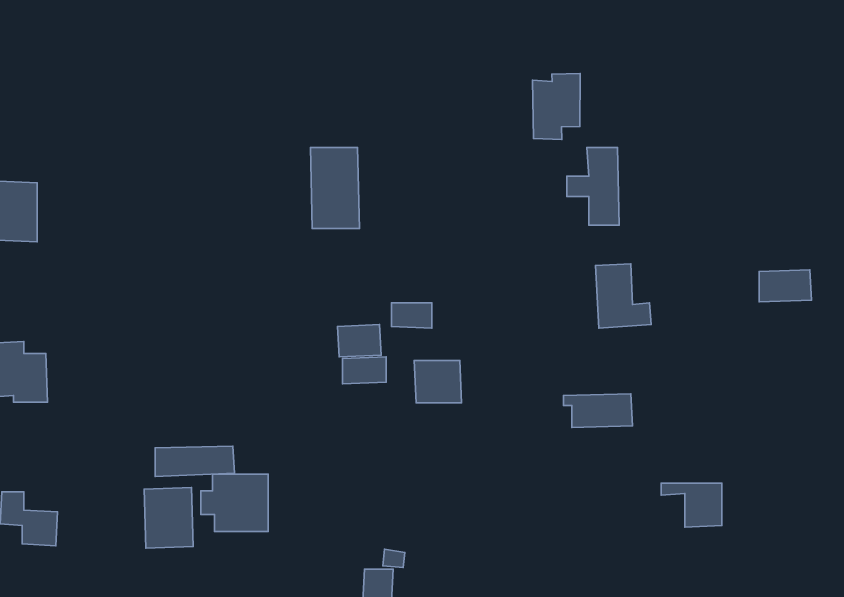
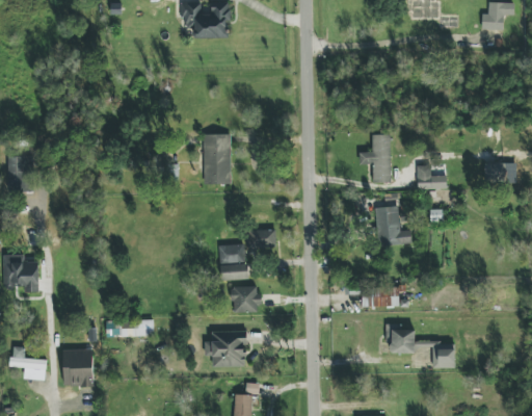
building: [532,74,580,140] -> none
building: none -> [417,165,446,189]
building: [759,270,811,302] -> [484,162,516,182]
building: [414,361,462,403] -> [230,286,259,312]
building: none -> [387,323,415,354]
building: [201,474,268,531] -> [204,331,245,366]
building: [144,488,193,548] -> [62,348,92,386]

